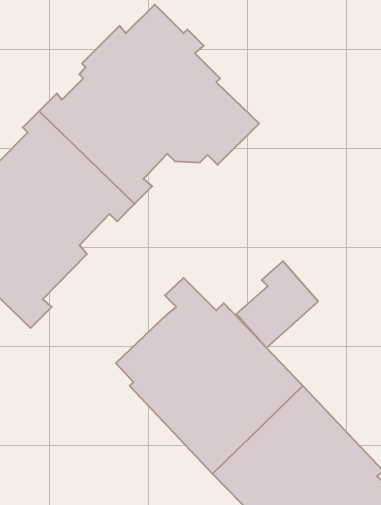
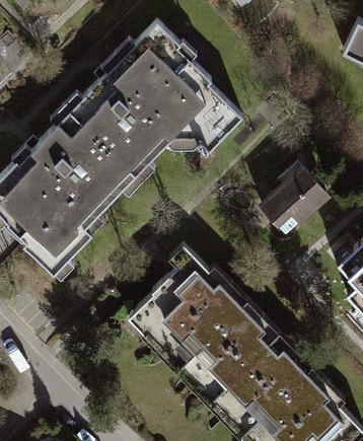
building: [236,261,318,348] -> [261,163,326,233]

